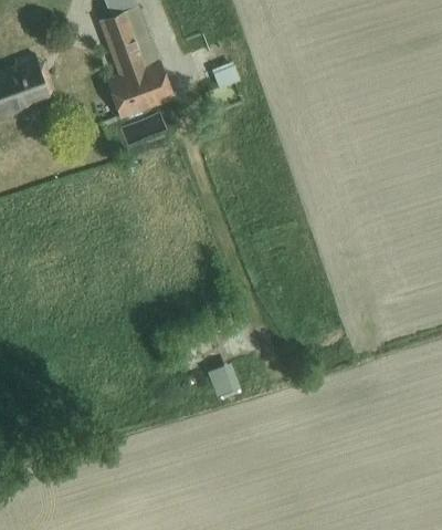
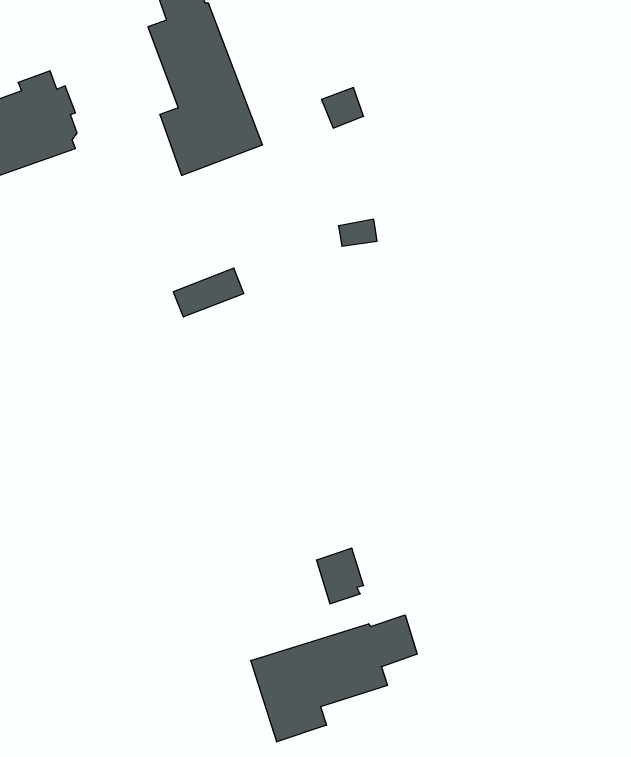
building: [125,108,171,141] -> [173,268,244,317]
building: none -> [251,615,417,742]

